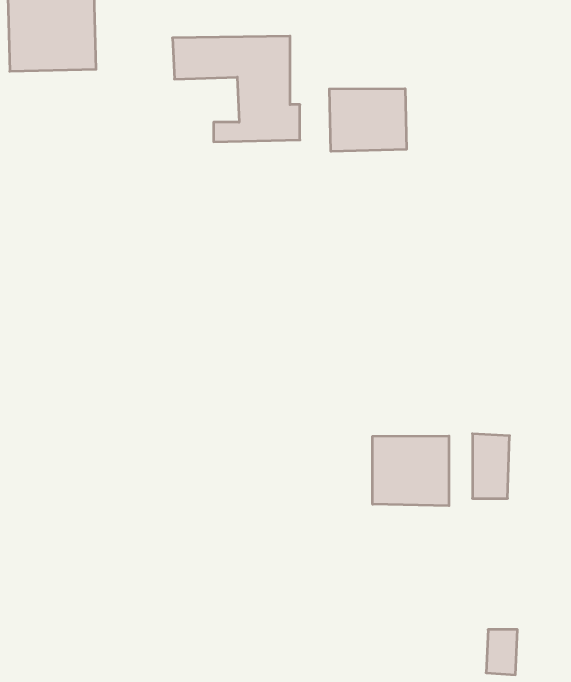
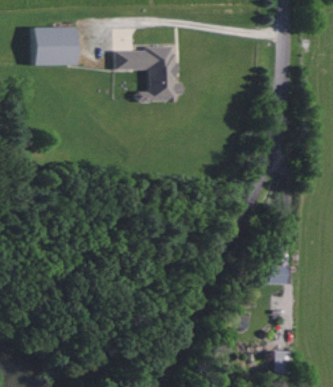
building: [329,89,406,151] -> none
building: [373,436,449,506] -> none

